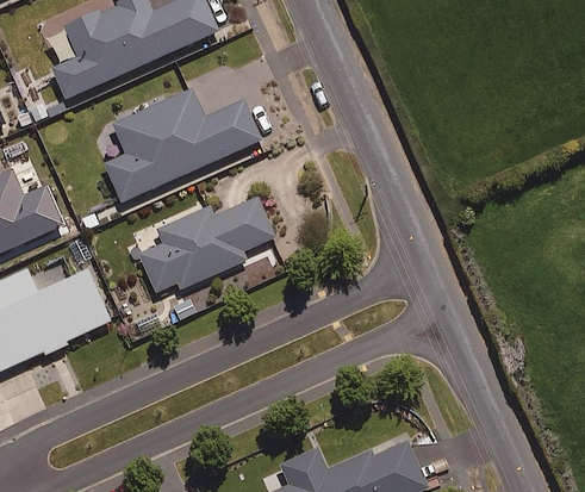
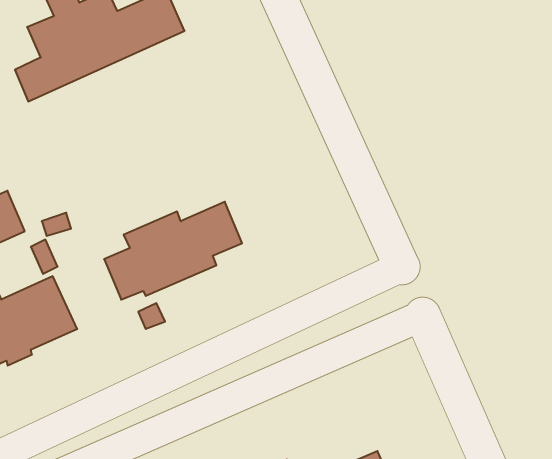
building: [104,88,260,203] -> none

